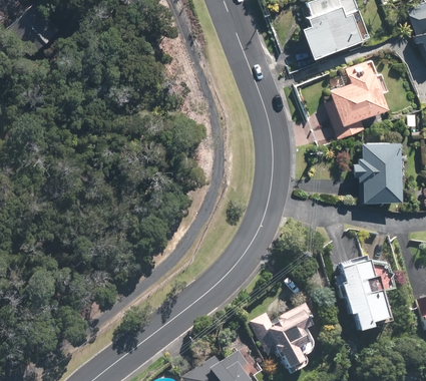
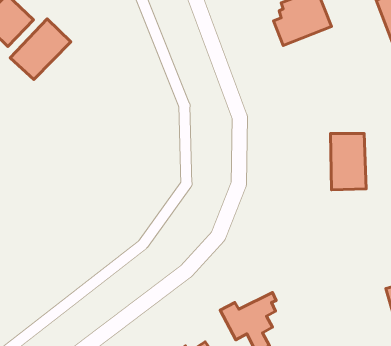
building: none -> [10,19,71,80]
building: [327,64,384,135] -> none
building: [343,264,385,329] -> none

